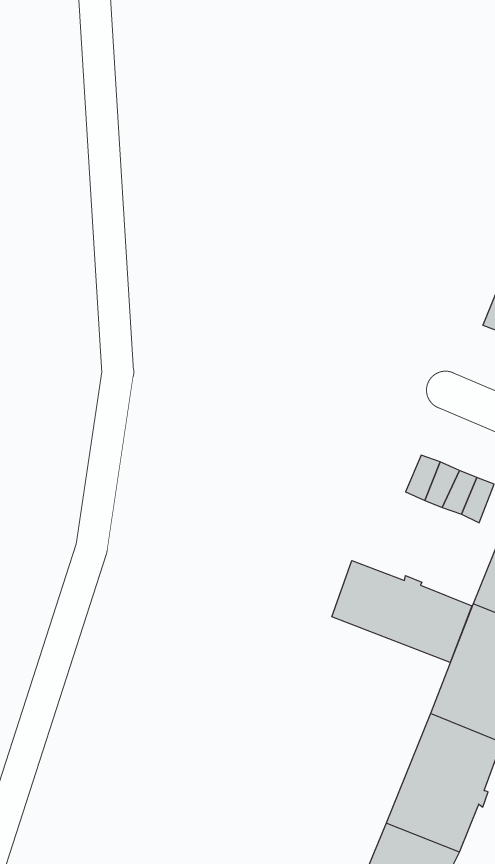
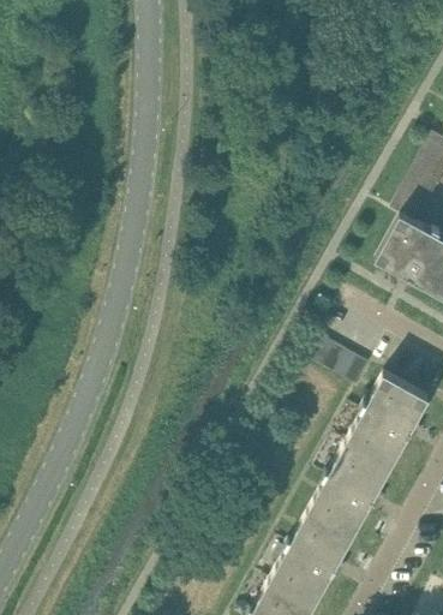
building: [332,561,472,663] -> none

